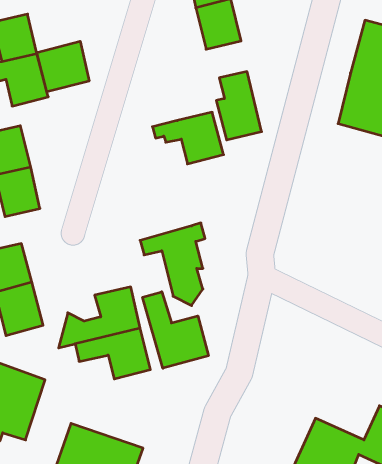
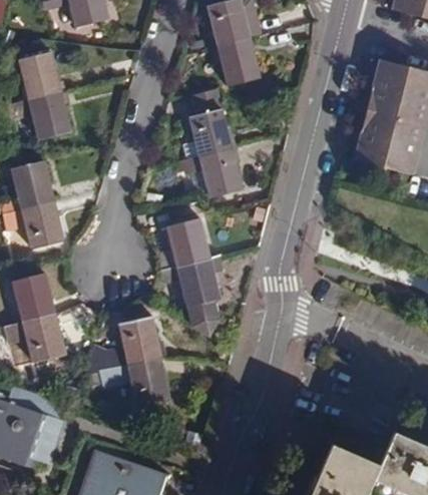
building: [37,41,89,92] -> none
building: [216,72,262,140] -> [187,89,232,155]
building: none -> [157,218,211,272]
building: [143,292,208,368] -> none

